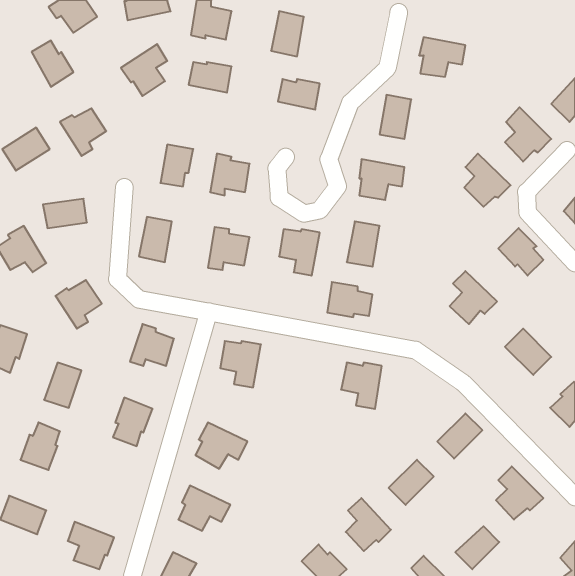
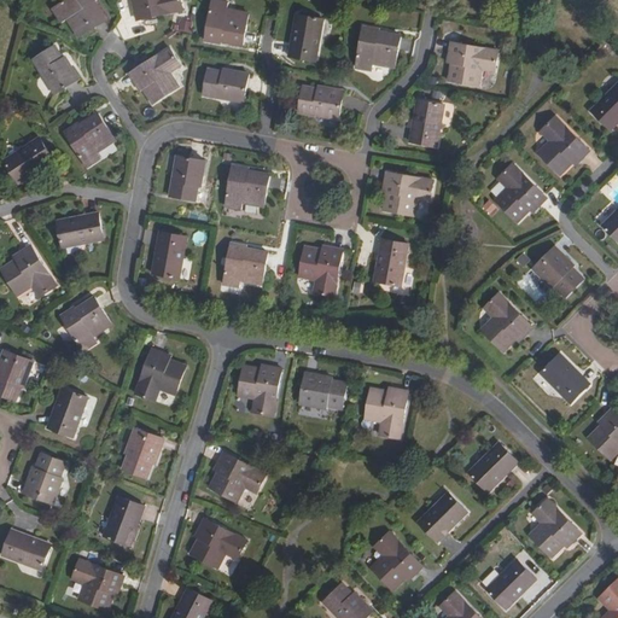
building: none -> [355,24,400,69]
building: [327,282,372,317] -> [297,373,345,410]
building: none -> [104,497,142,546]

